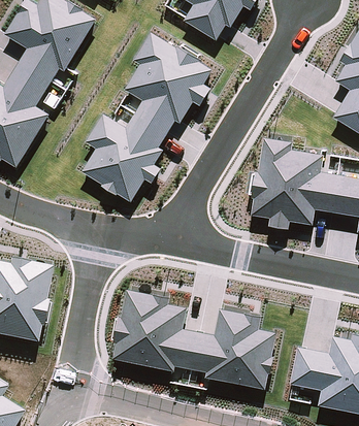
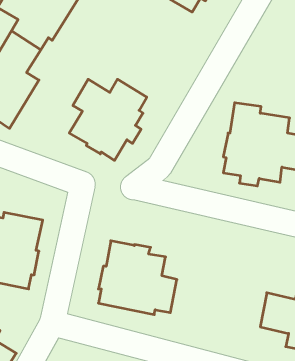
building: [124,32,213,132] -> none
building: [192,308,275,388] -> none

